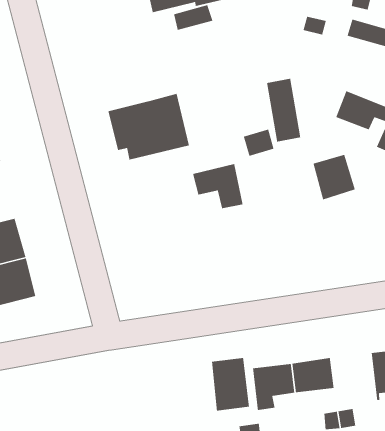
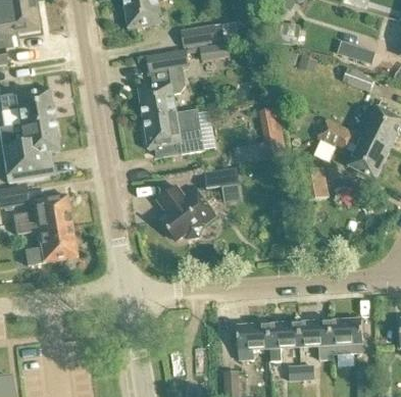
building: none -> [138,49,188,117]
building: none -> [157,184,216,239]
building: none -> [299,321,332,359]
building: [211,357,250,411] -> none

